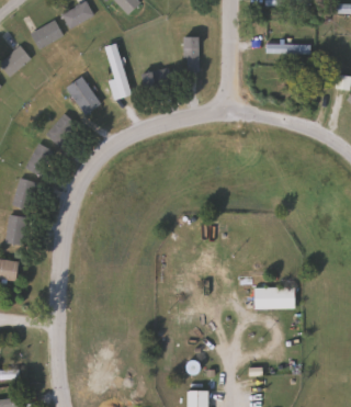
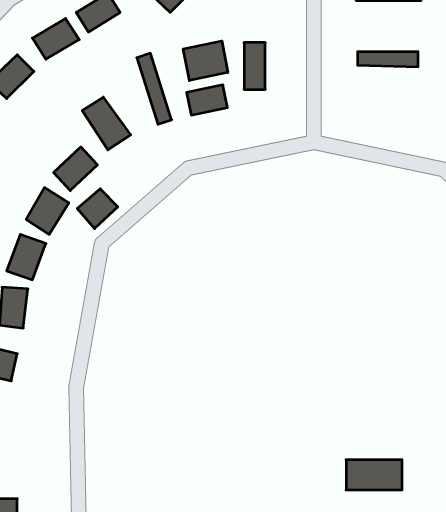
building: none -> [183,41,228,81]
building: none -> [77,189,118,229]
building: [253,287,294,309] -> [346,460,402,490]

